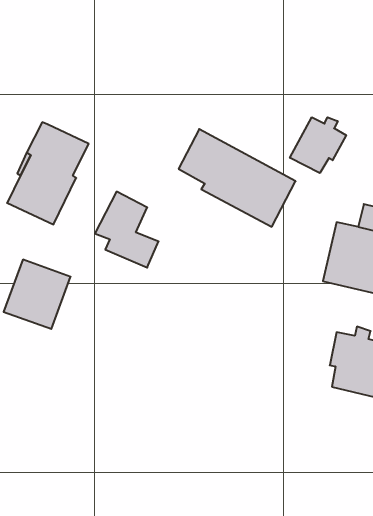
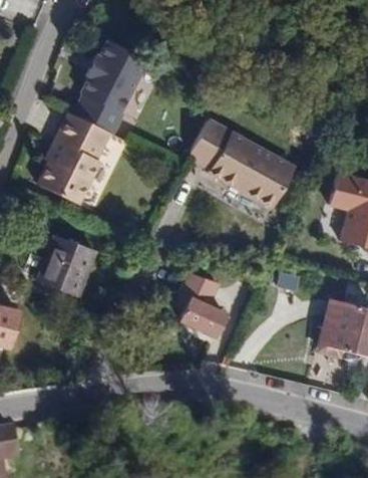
building: none -> [75,39,147,134]
building: [290,117,346,173] -> none
building: [95,192,159,268] -> [168,269,225,336]

